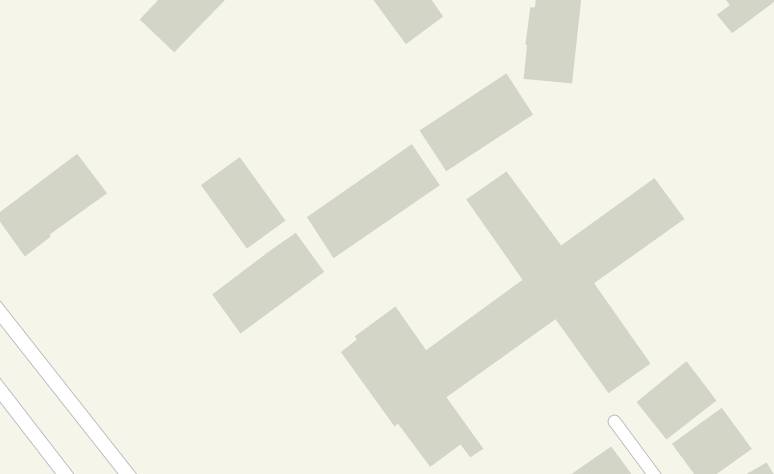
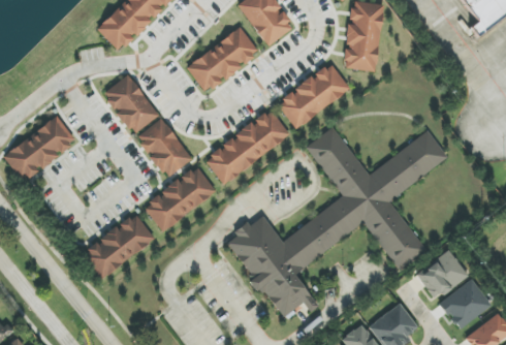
building: none -> [187,28,260,92]
building: none -> [103,74,159,134]
building: none -> [83,214,156,278]

